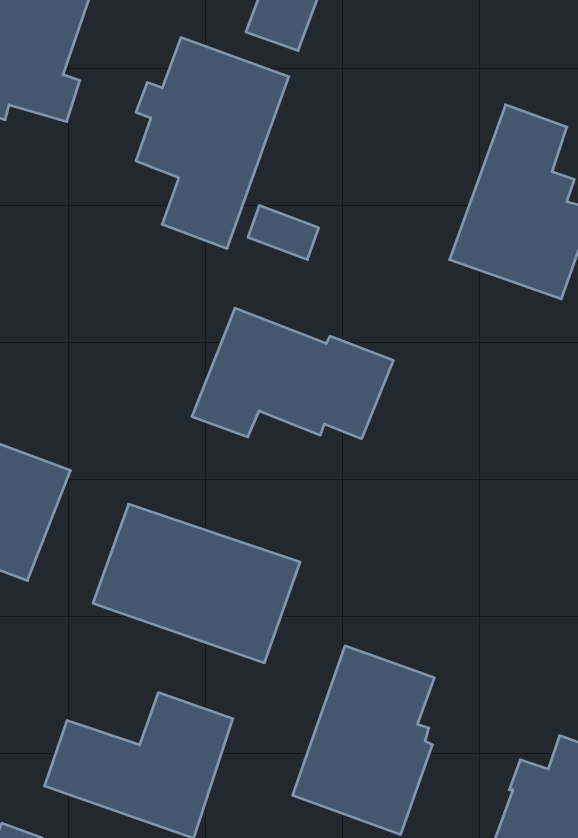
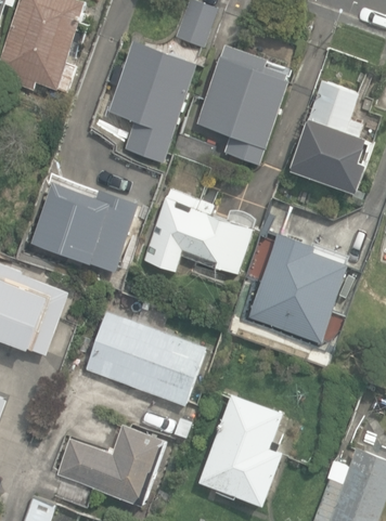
building: none -> [195,44,287,165]
building: none -> [34,181,133,268]
building: none -> [247,236,348,350]

